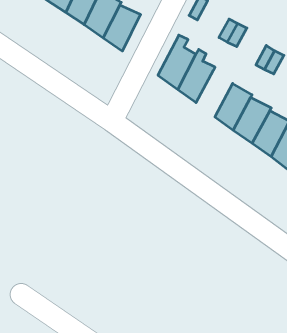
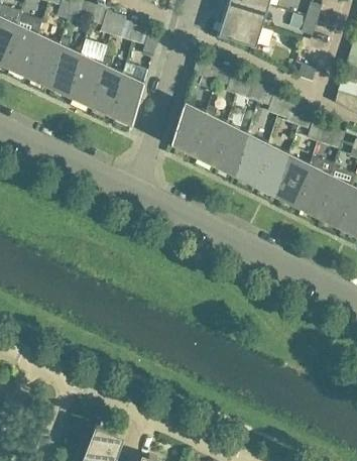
building: none -> [213,127,247,174]

